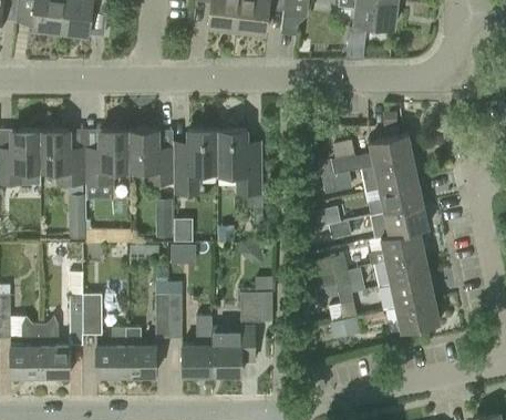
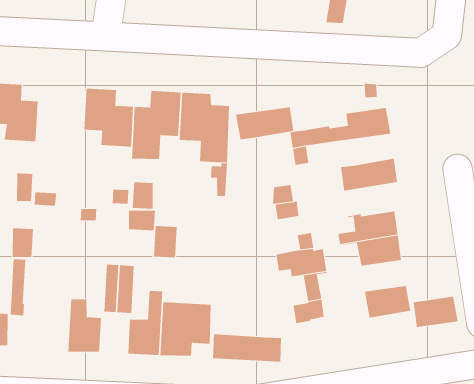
building: [85,132,128,184] -> none
building: [362,158,417,192] -> [235,107,294,140]
building: [372,203,428,237] -> none
building: [392,275,435,306] -> [413,296,458,327]
building: [241,293,262,321] -> [153,226,178,258]
building: [82,294,103,335] -> none
building: [95,328,125,377] -> none
building: none -> [213,334,282,363]

